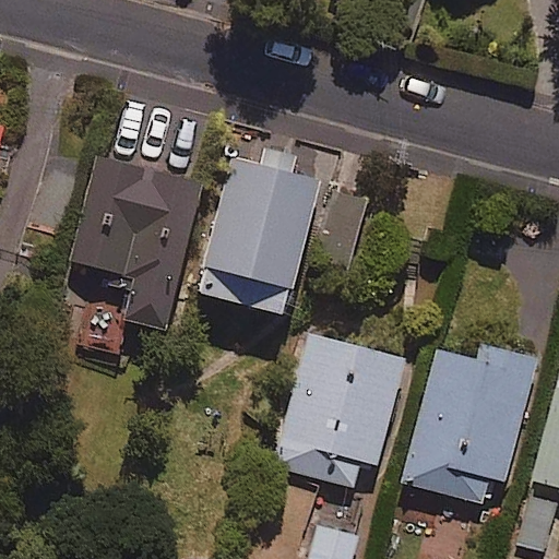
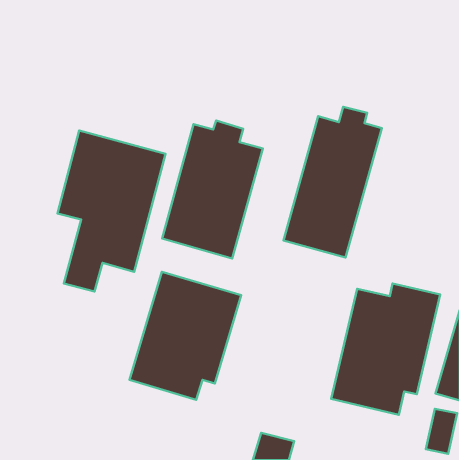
building: none -> [284,107,382,257]
building: [271,331,406,486] -> [129,272,241,400]

